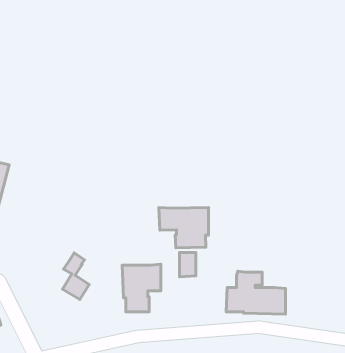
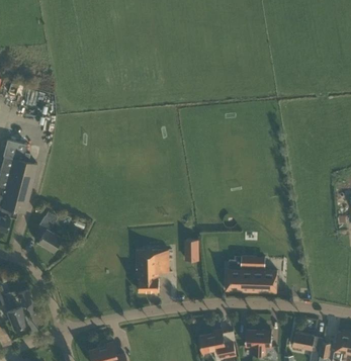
building: [159,208,209,248] -> none
building: [62,253,89,300] -> [36,211,60,252]

